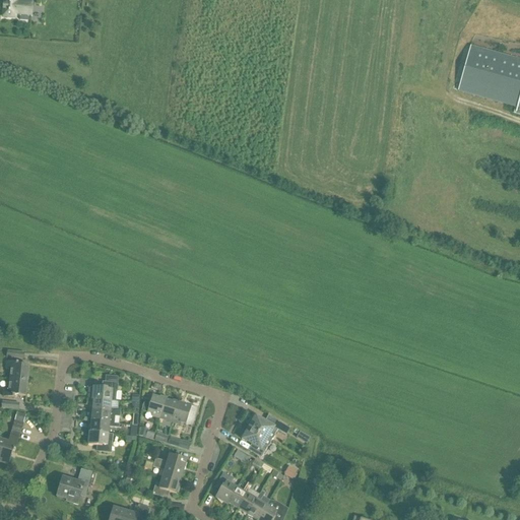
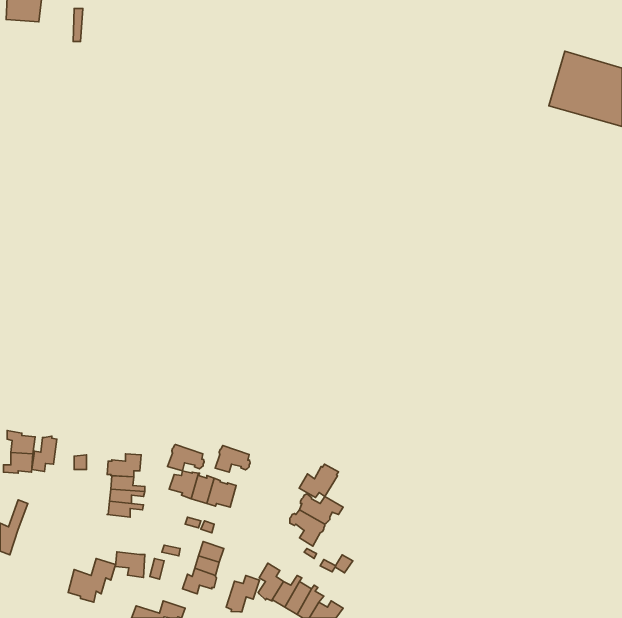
building: none -> [32,436,57,471]
building: none -> [168,445,204,471]
building: none -> [215,446,250,472]
building: none -> [299,464,339,498]
building: [88,430,113,451] -> [115,552,145,578]
building: none -> [226,576,260,612]

